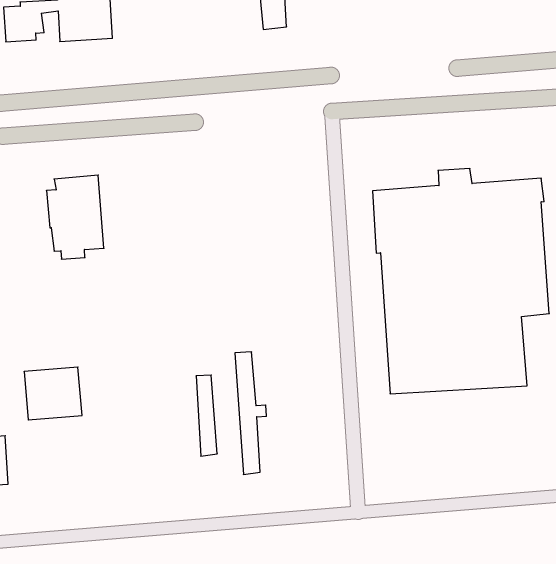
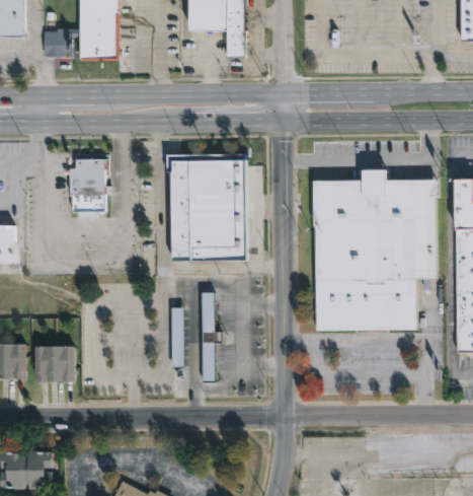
building: none -> [167,152,247,261]
building: [24,367,82,420] -> [38,346,79,382]

